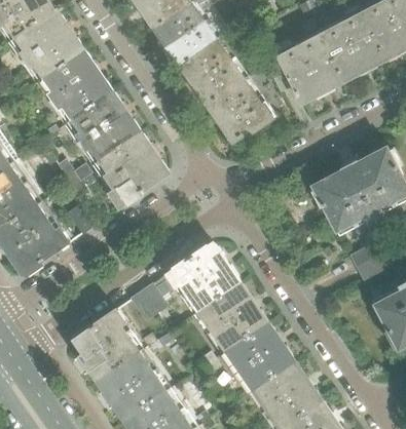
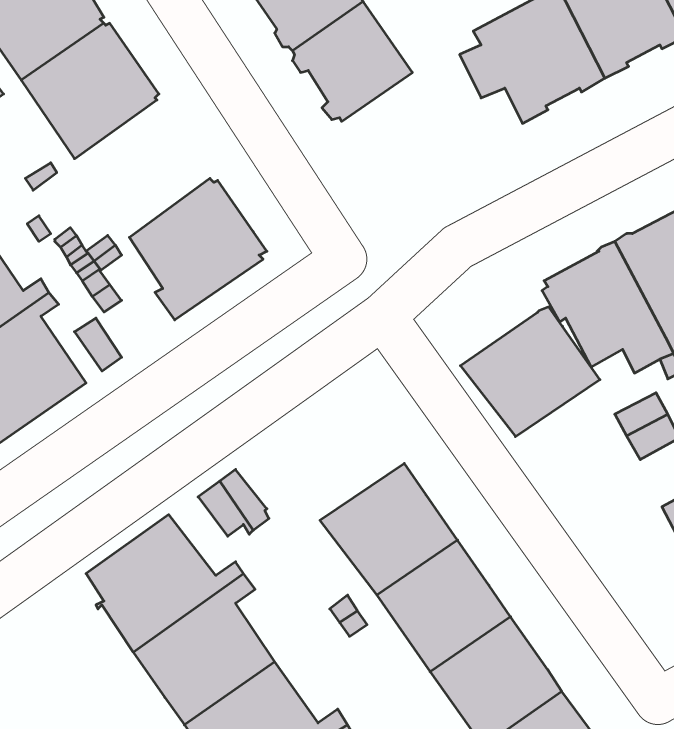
building: [206,78,275,142] -> none
building: [67,92,139,164] -> none
building: [167,244,239,312] -> [460,307,600,437]

